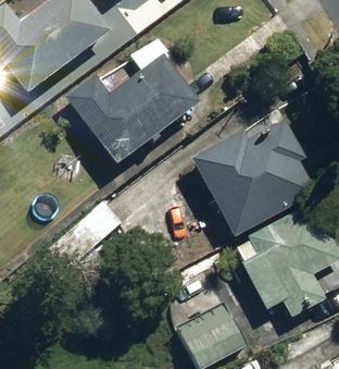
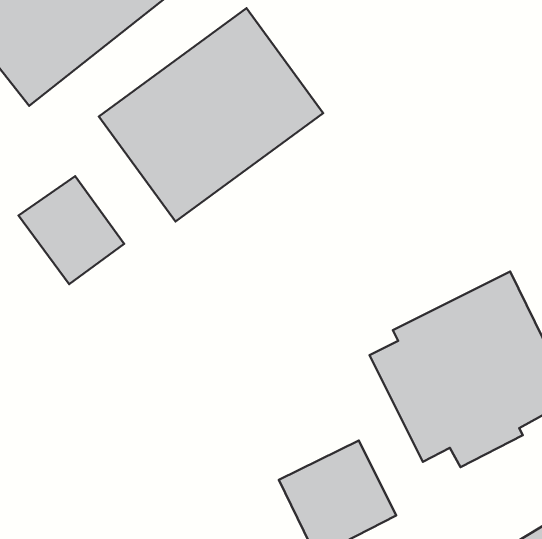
building: [188,130,307,230] -> none
building: none -> [18,176,124,284]

